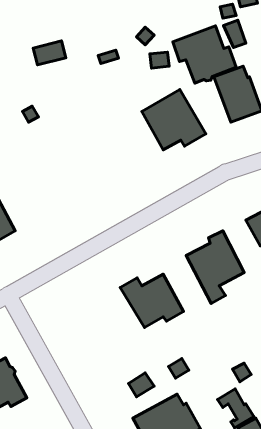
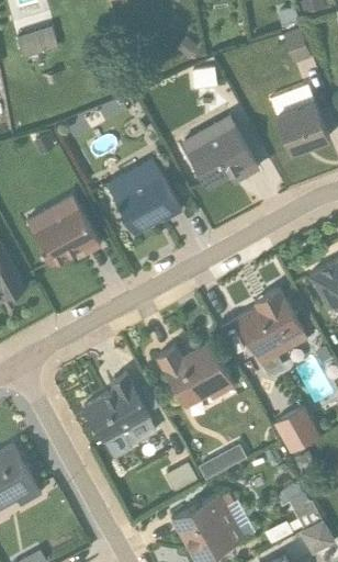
building: [173,26,236,83] -> none
building: [33,41,66,65] -> [20,23,60,53]
building: none -> [105,157,181,234]
building: none -> [25,194,100,266]
building: none -> [82,373,158,458]
building: none -> [273,406,318,452]

